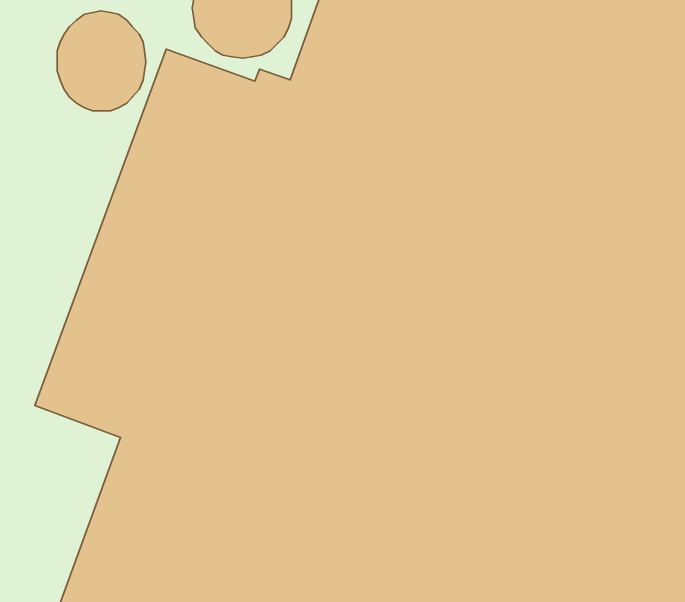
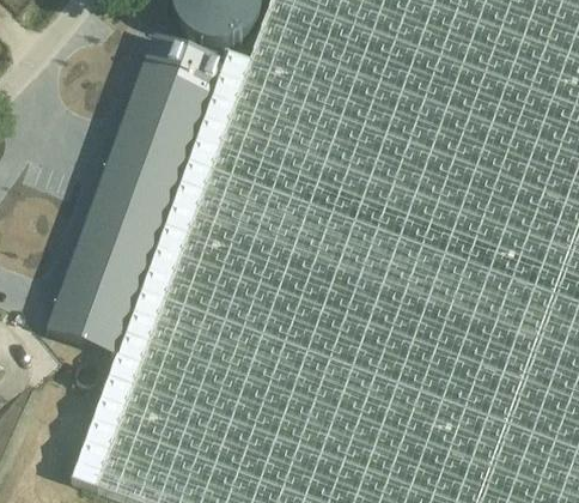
building: [57,11,146,111] -> none

